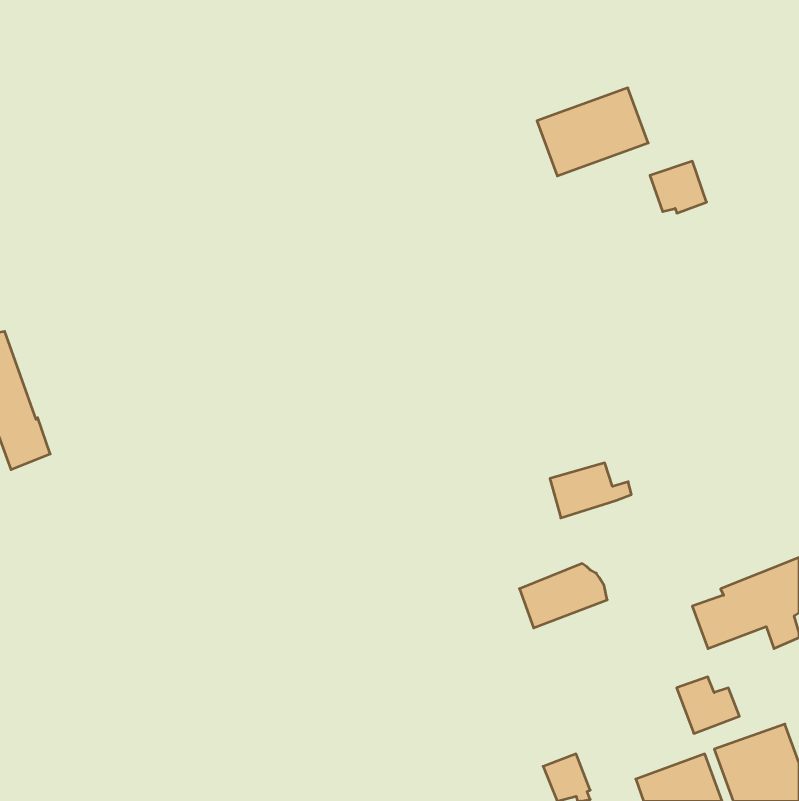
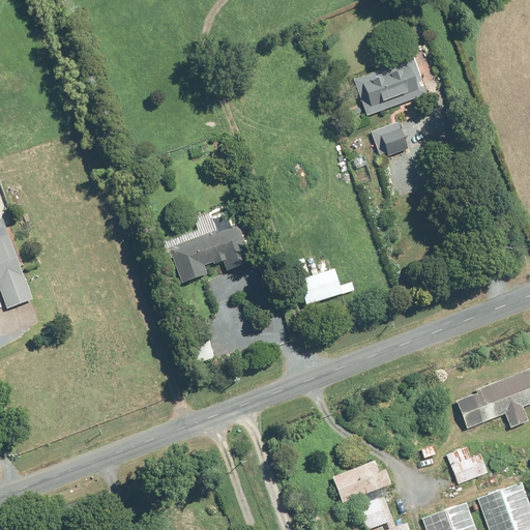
building: [650,161,707,213] -> [371,122,408,156]
building: none -> [169,223,253,285]
building: [550,463,631,518] -> [300,269,354,305]
building: [519,564,607,628] -> [333,460,391,502]

